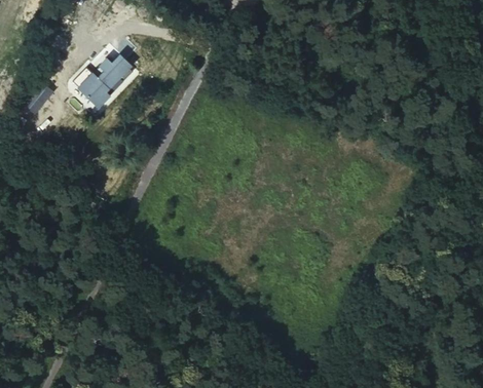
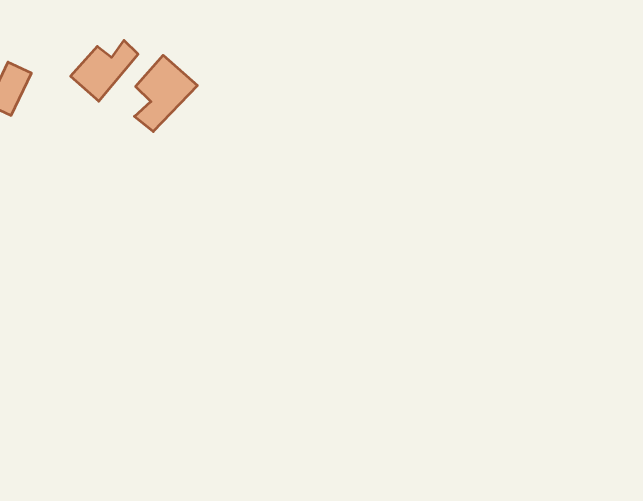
building: none -> [134,55,197,132]

